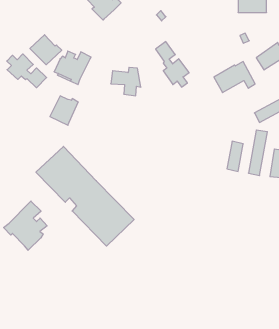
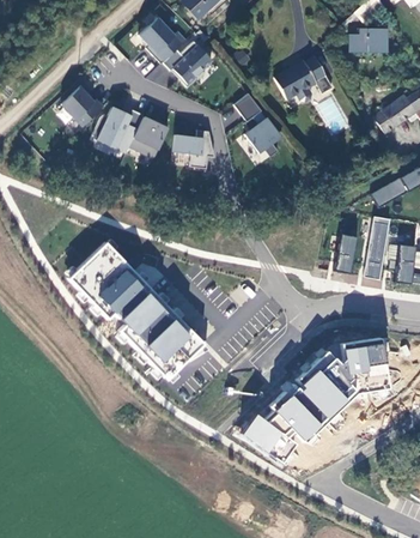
building: none -> [163,41,213,87]
building: [7,54,47,88] -> none
building: [214,62,255,93] -> [275,56,333,99]
building: [50,96,78,125] -> [129,117,169,158]
building: [4,201,47,250] -> none
building: none -> [244,339,392,464]

